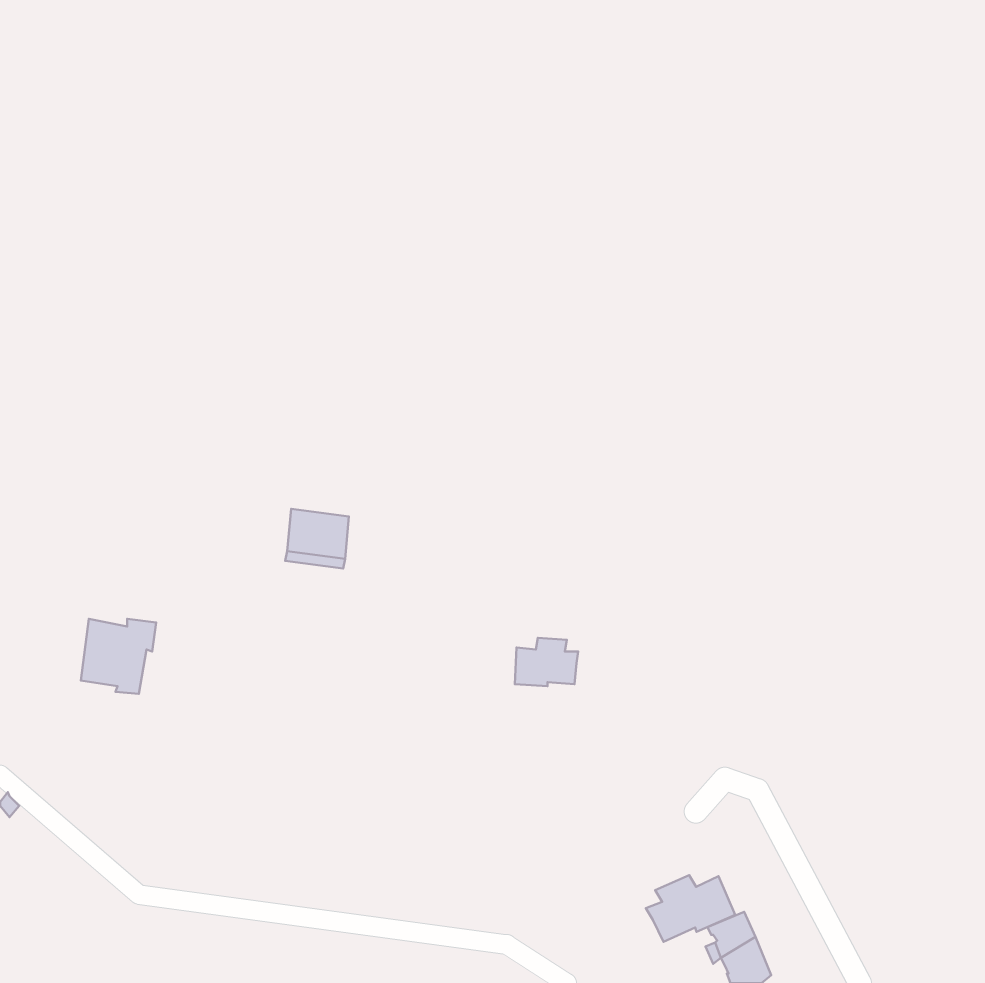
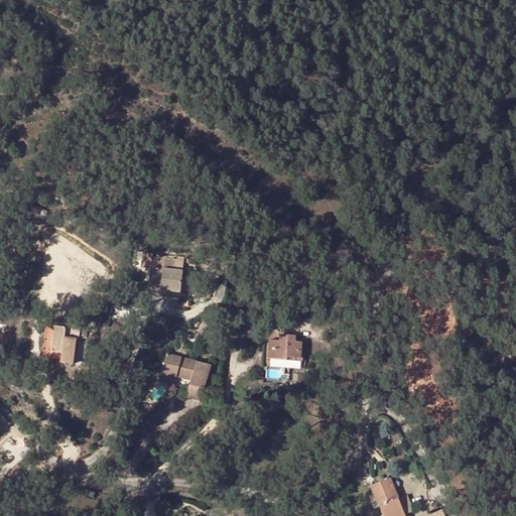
building: none -> [161,353,210,400]
building: [646,875,735,942] -> none

